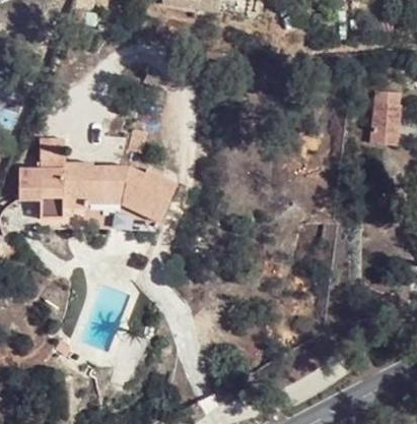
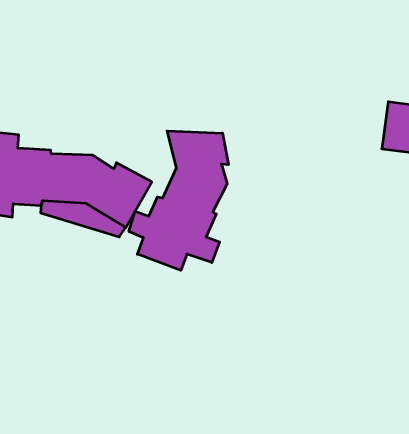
building: none -> [129,131,228,270]

